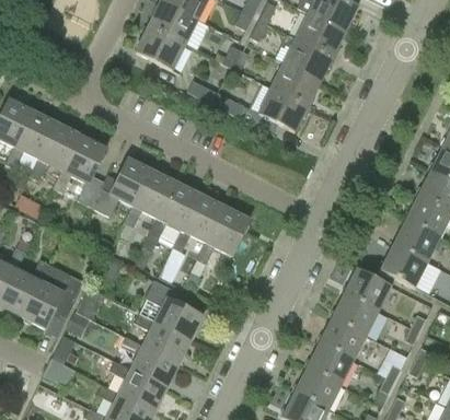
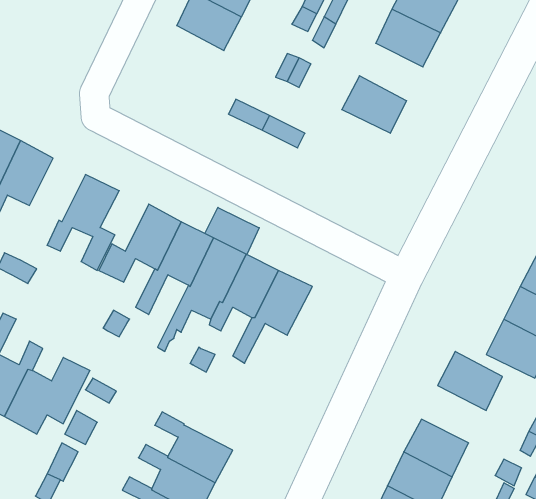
building: [136,25,184,69] -> none
building: [285,38,332,81] -> none
building: [259,88,308,130] -> none
building: [30,124,81,180] -> none
building: none -> [205,207,259,255]
building: [146,280,203,340] -> none
building: [331,292,379,335] -> none

